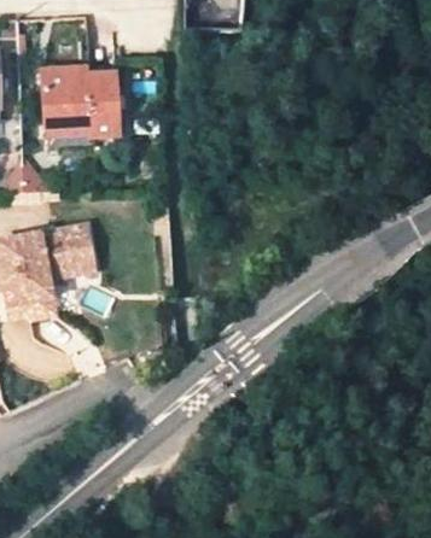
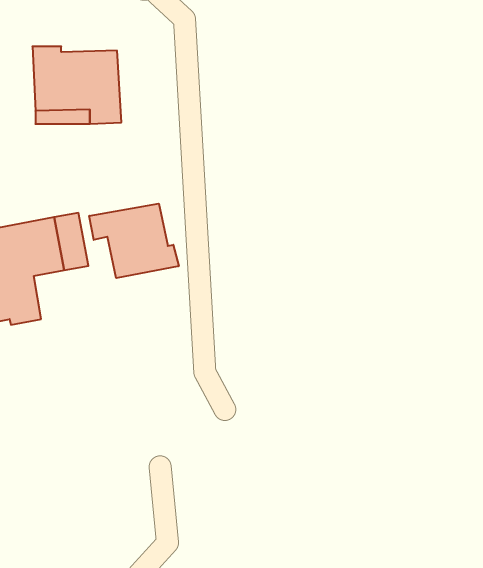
building: none -> [89,204,179,278]

